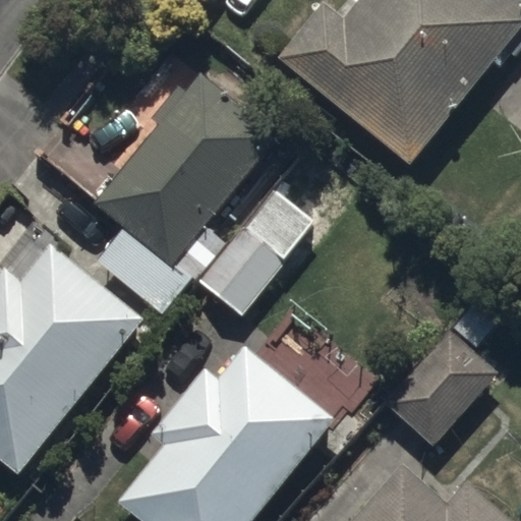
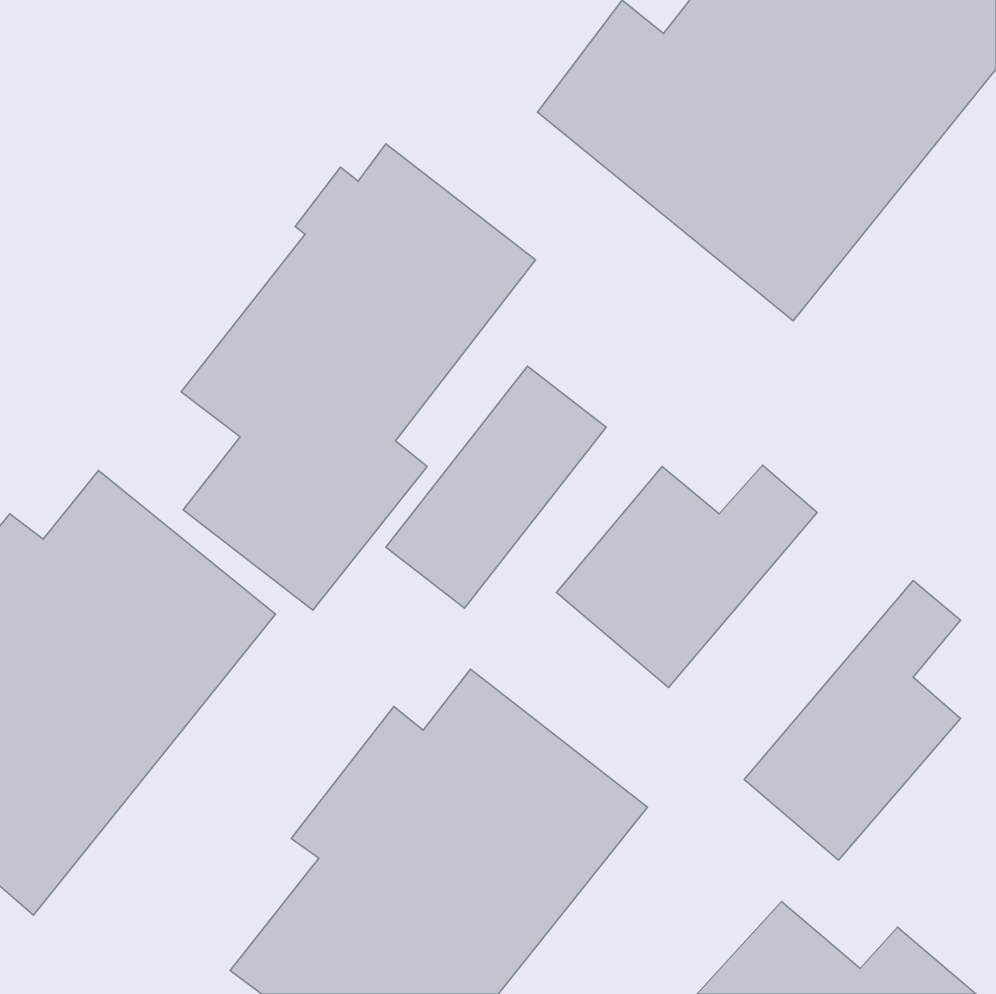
building: none -> [557,465,817,687]

